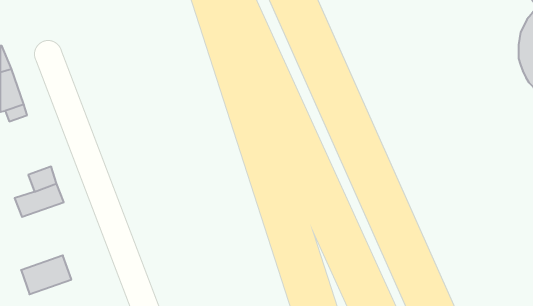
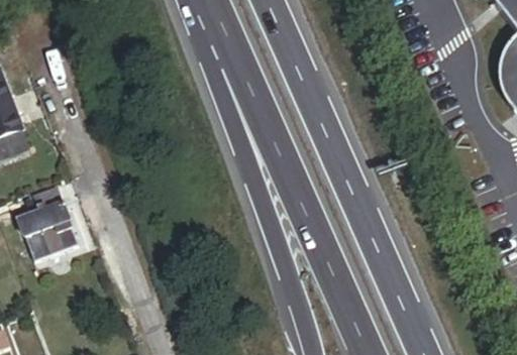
building: [21,255,71,294] -> [23,222,72,259]

